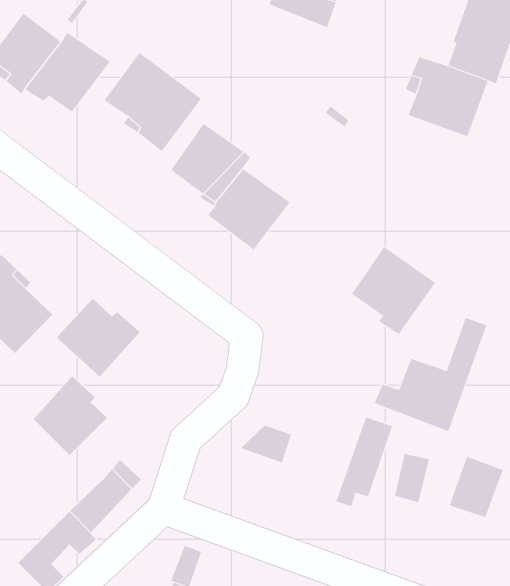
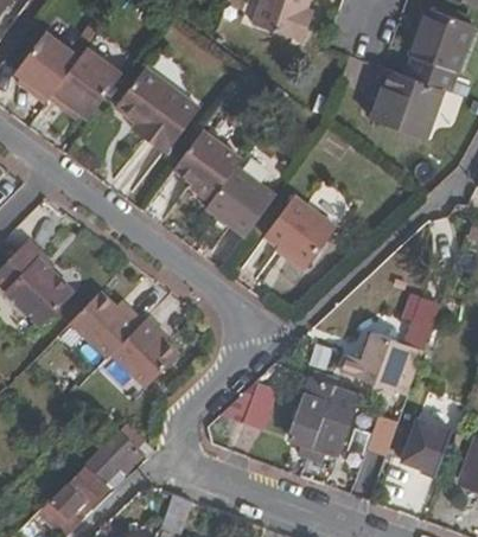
building: [351,246,436,335] -> [261,194,334,271]
building: [33,375,108,456] -> [111,308,177,378]
building: none -> [294,375,338,456]

